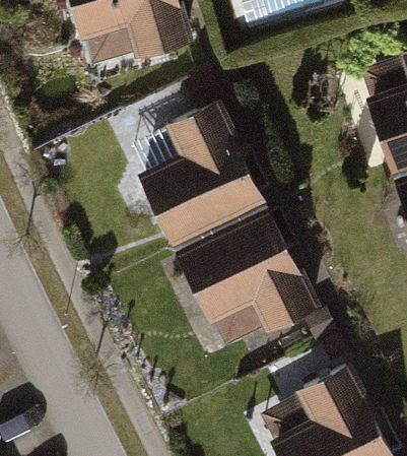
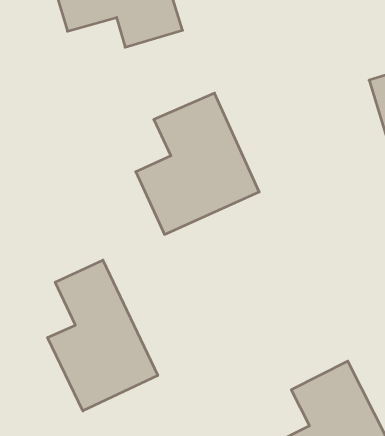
building: [180,215,314,328] -> none
building: none -> [48,260,158,411]

